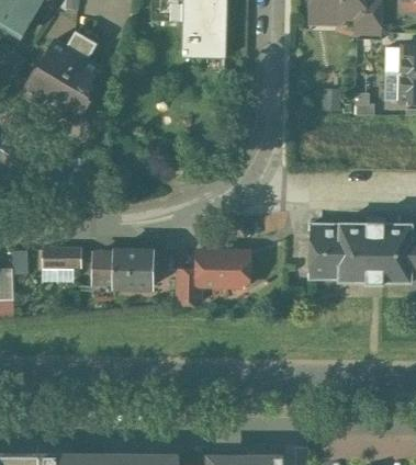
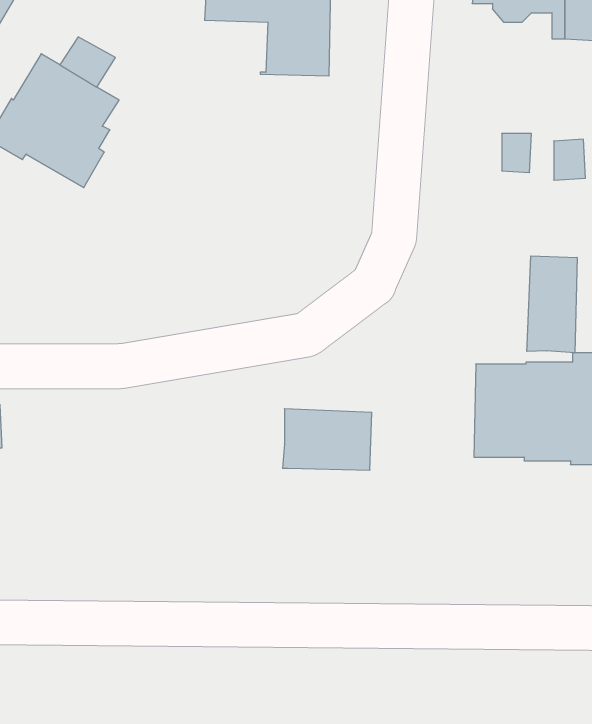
building: none -> [527,256,577,353]
building: [43,249,79,268] -> none
building: [93,250,157,287] -> none
building: [177,272,199,305] -> none

